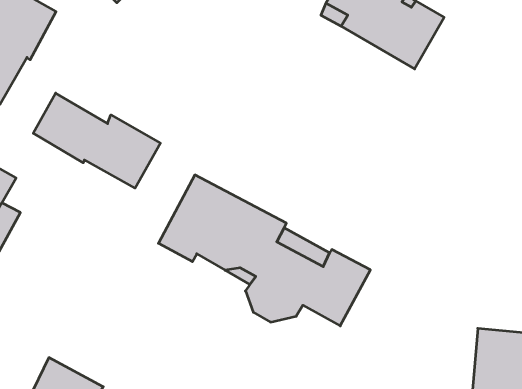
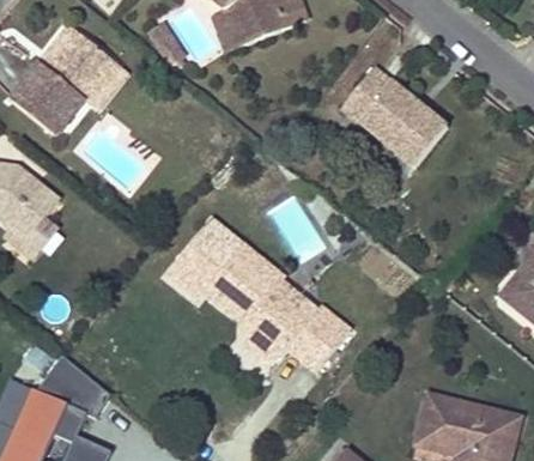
building: [33,93,160,188] -> none

